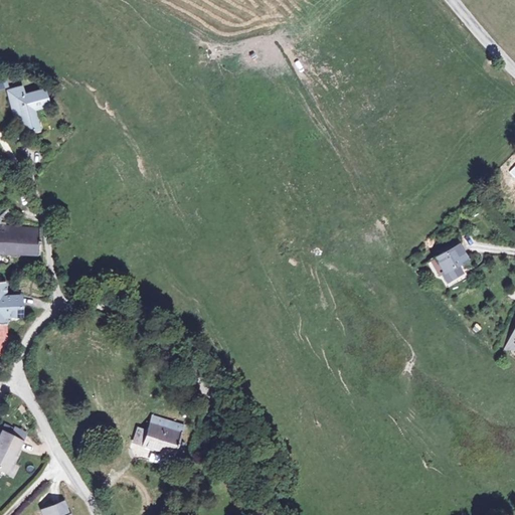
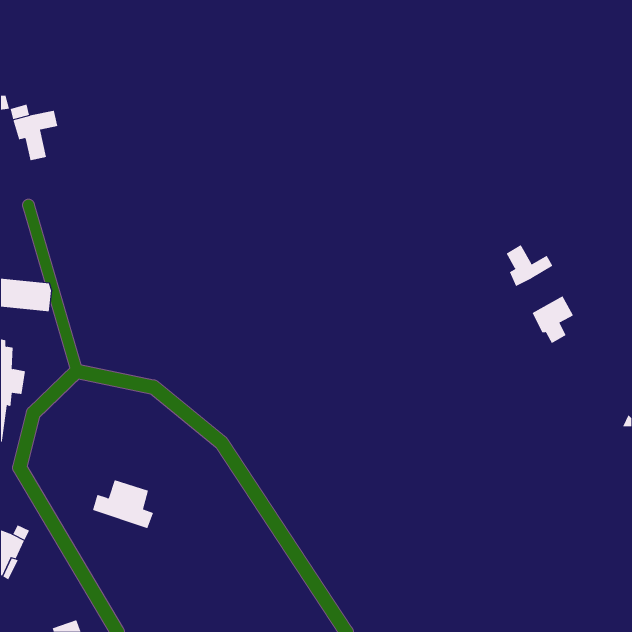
building: none -> [506,244,553,287]
building: [135,416,185,457] -> [92,479,154,529]

